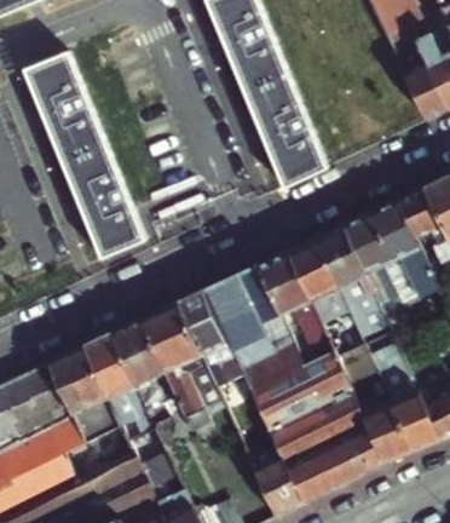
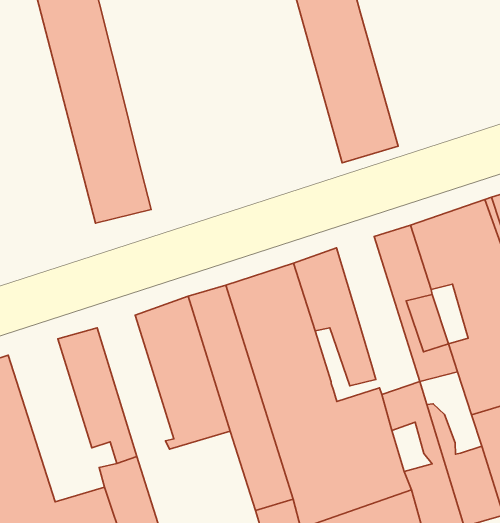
building: [285,238,362,358] -> none
building: [110,321,177,429] -> none
building: [45,346,131,471] -> none

